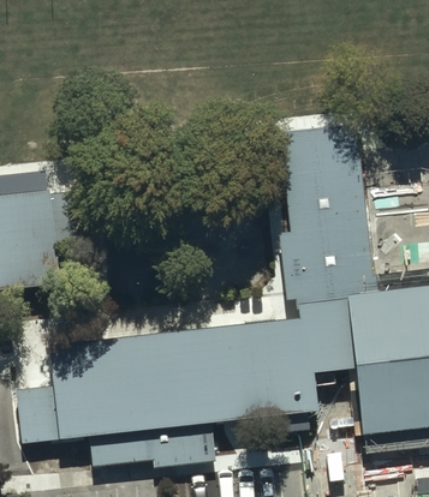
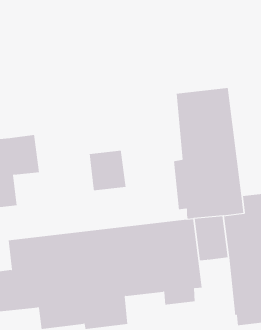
building: none -> [89,150,126,191]

